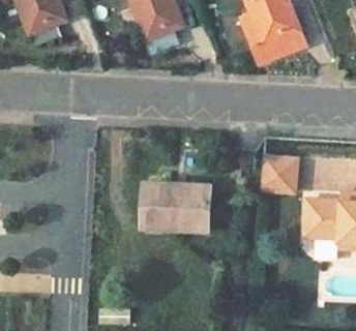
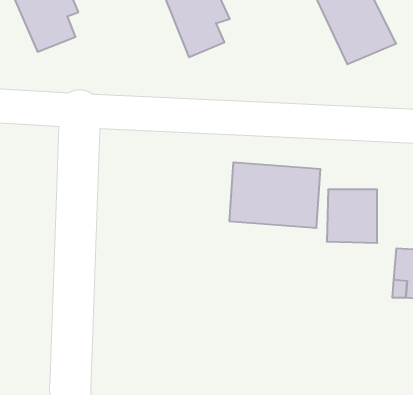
building: [138,180,207,230] -> [229,162,321,228]

